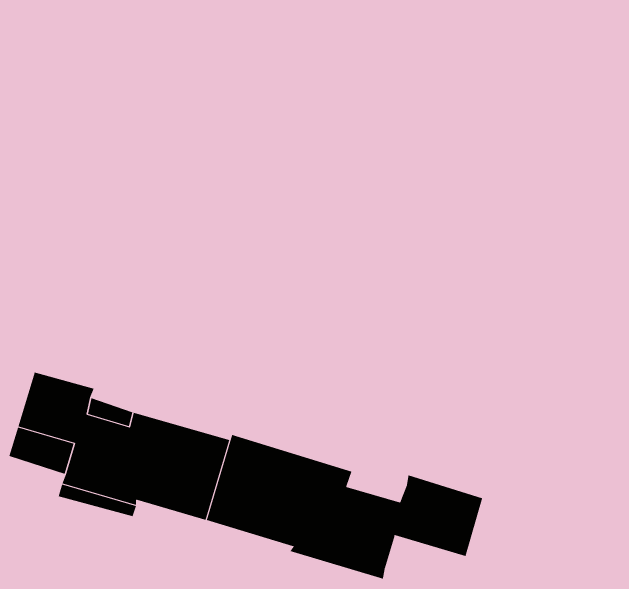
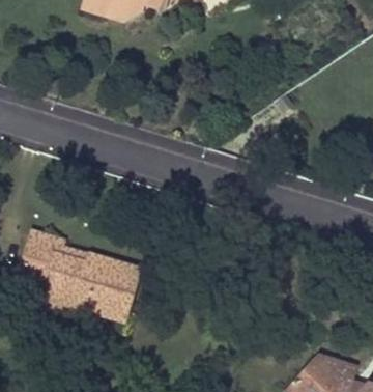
building: [206,434,483,580] -> none

